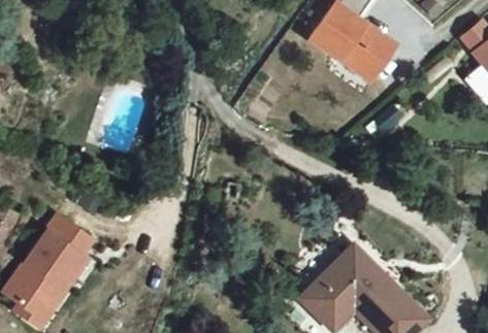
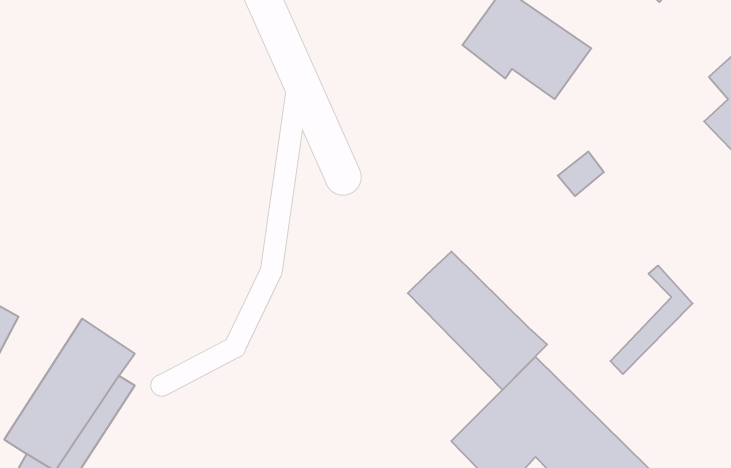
building: none -> [408,251,547,390]
building: none -> [610,266,693,374]

